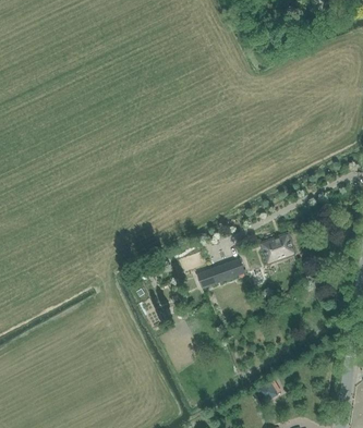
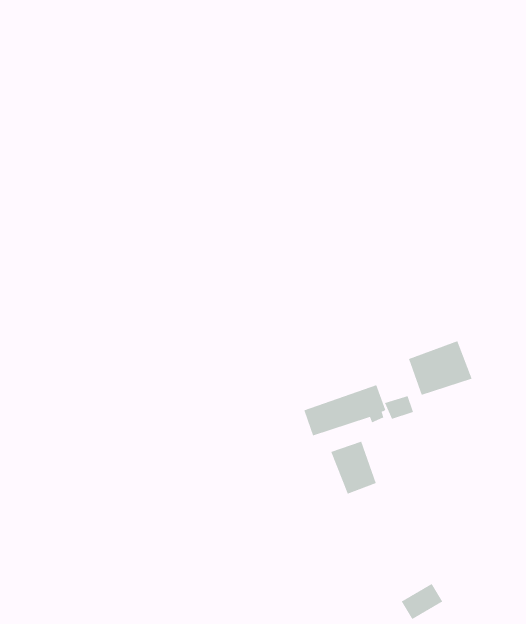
building: none -> [330,441,377,494]

